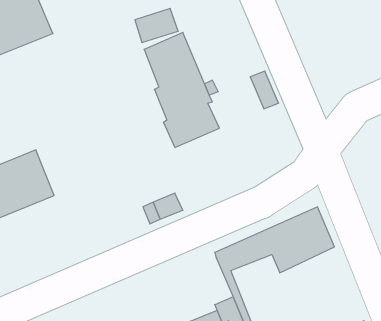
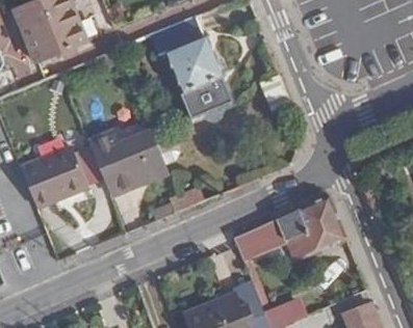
building: none -> [87,129,169,195]

